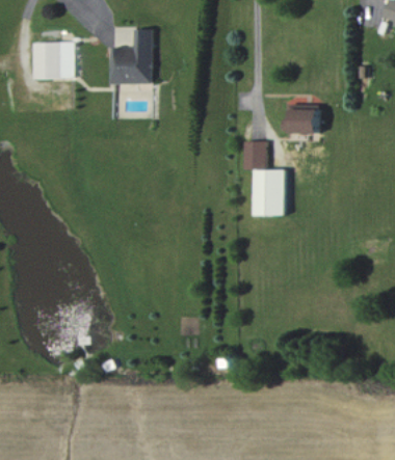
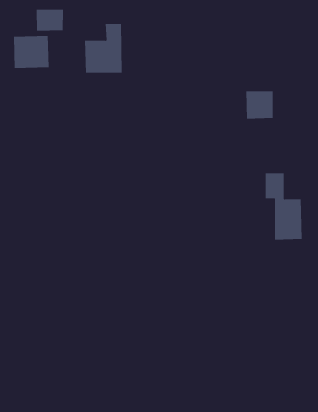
building: none -> [36,9,63,31]
building: [244,141,286,216] -> [265,173,302,240]

